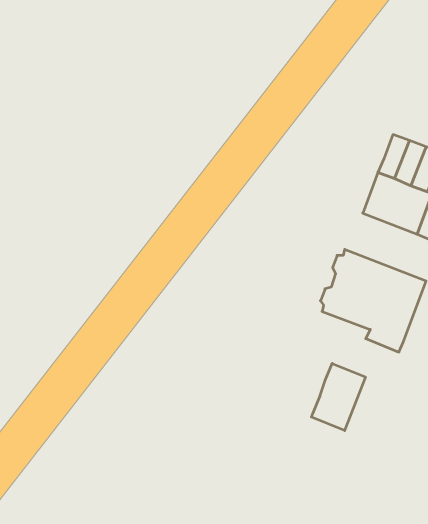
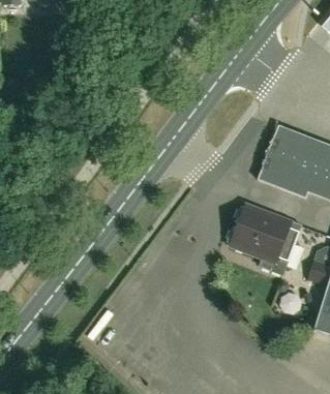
building: [311,363,365,431] -> none

